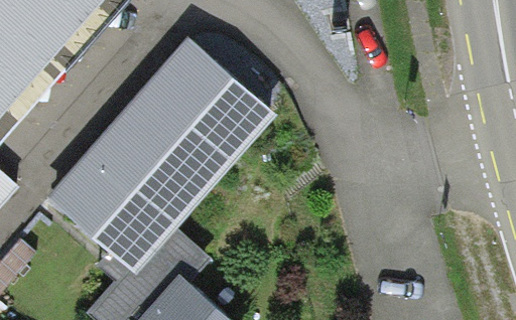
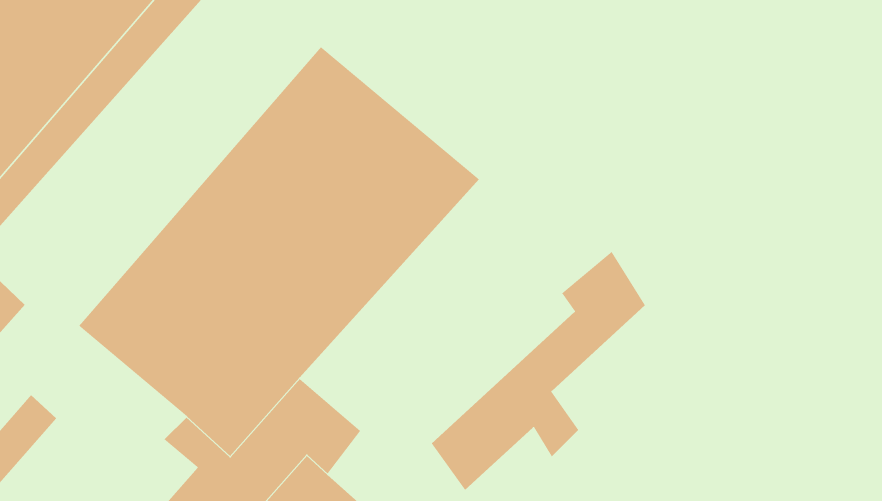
building: none -> [431,251,646,491]

